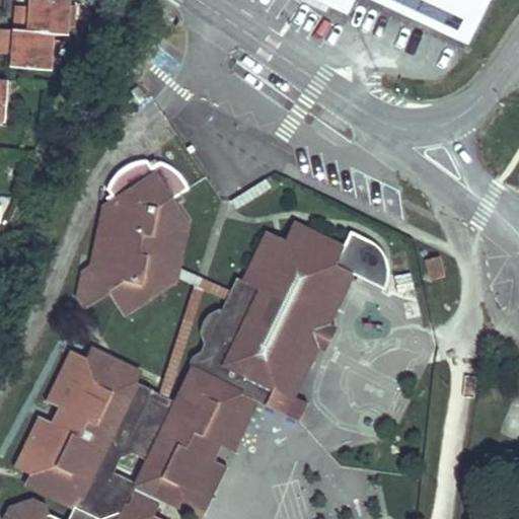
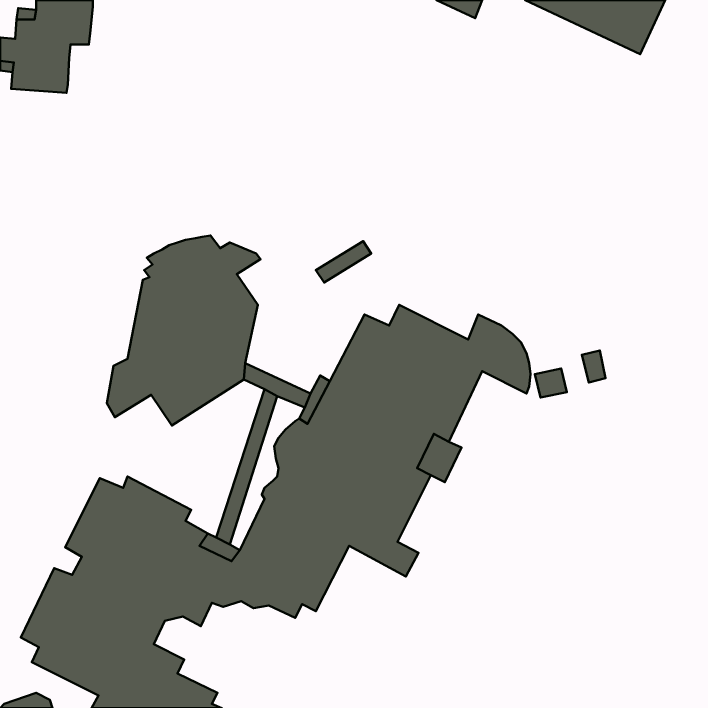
building: [130,440,223,514] -> none

